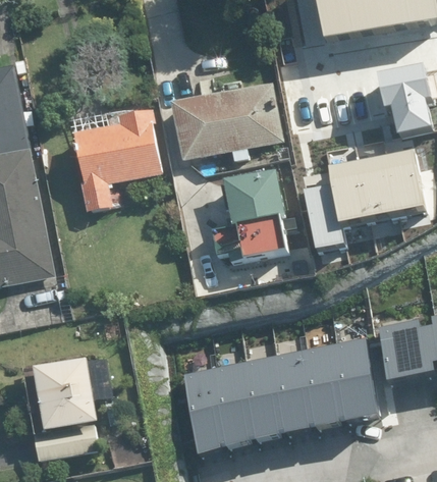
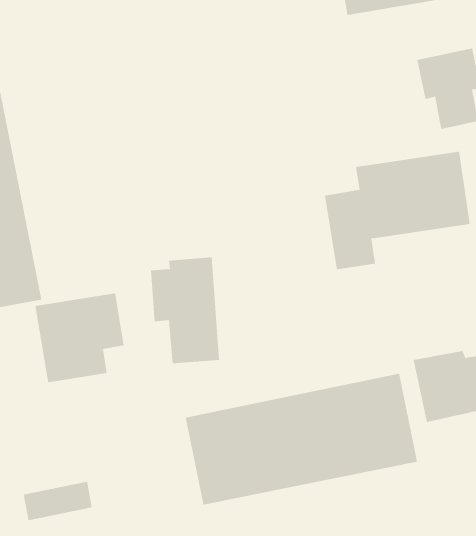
building: [178,82,282,162] -> none
building: [79,112,166,213] -> none
building: [234,167,293,258] -> [150,257,220,364]
building: [42,354,118,430] -> [34,293,124,383]

